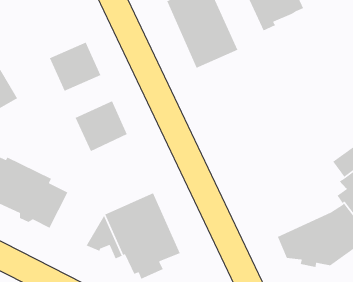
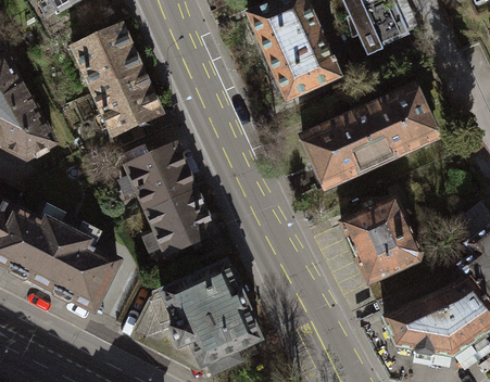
building: none -> [74,23,141,87]
building: none -> [298,89,442,194]
building: none -> [147,184,214,250]
building: none -> [335,196,422,289]

